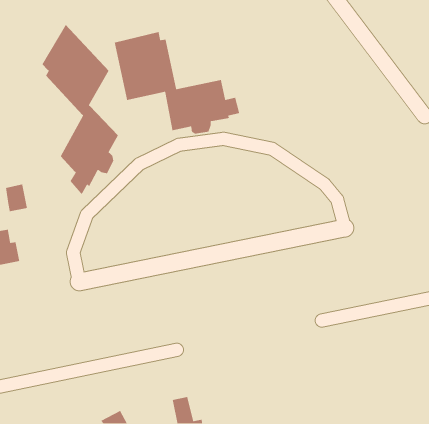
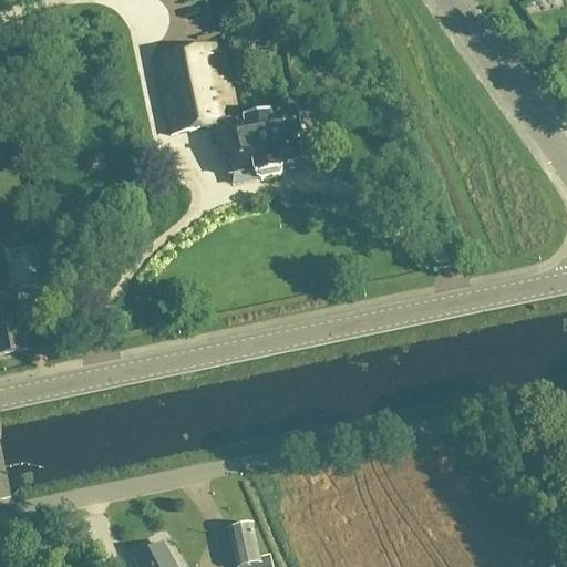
building: [41,24,119,195] -> none

